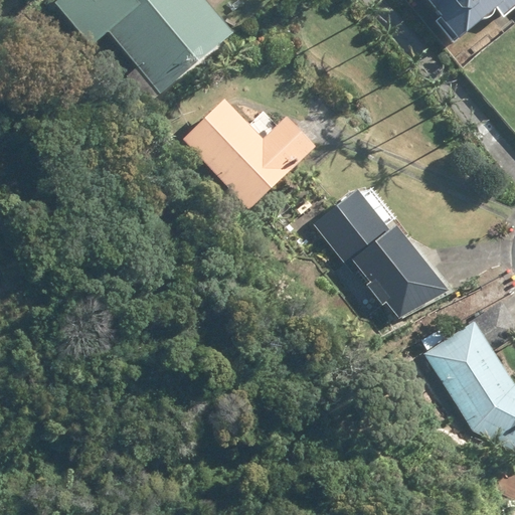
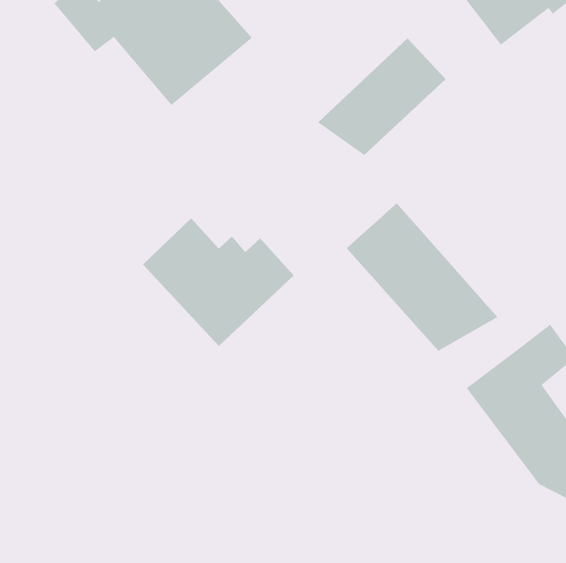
building: none -> [317,37,446,156]
building: [176,97,314,213] -> [142,218,294,347]

